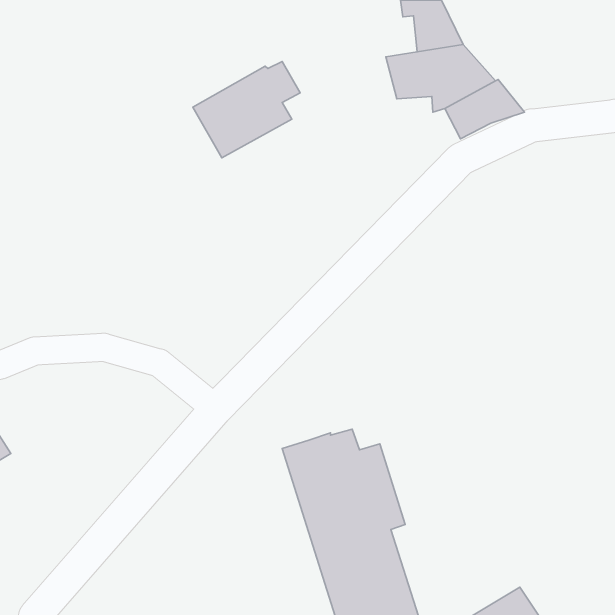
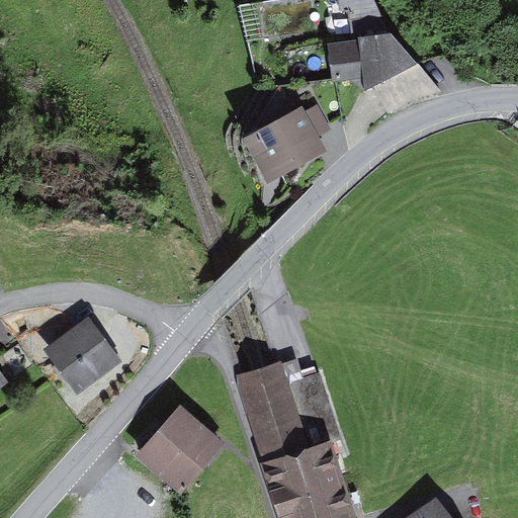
building: [193,61,300,158] -> [242,107,332,188]
building: none -> [41,314,120,393]
building: none -> [134,399,225,490]

